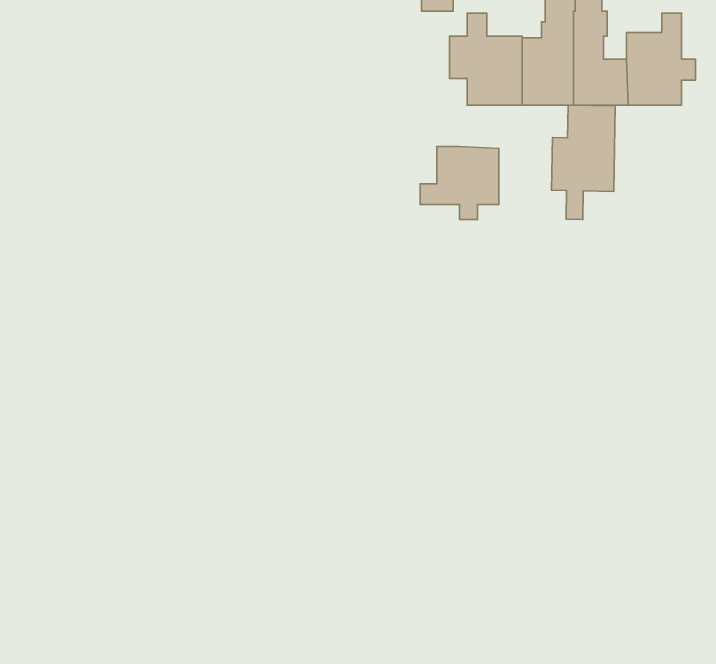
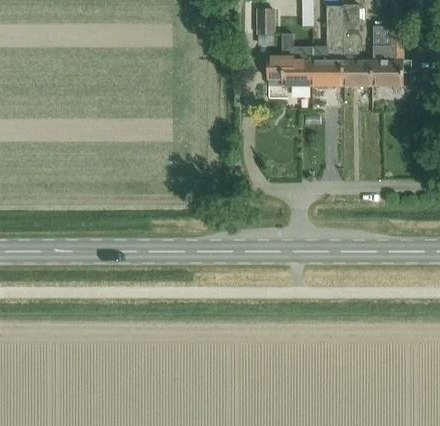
building: [551,105,615,219] -> none
building: [420,147,499,219] -> none

